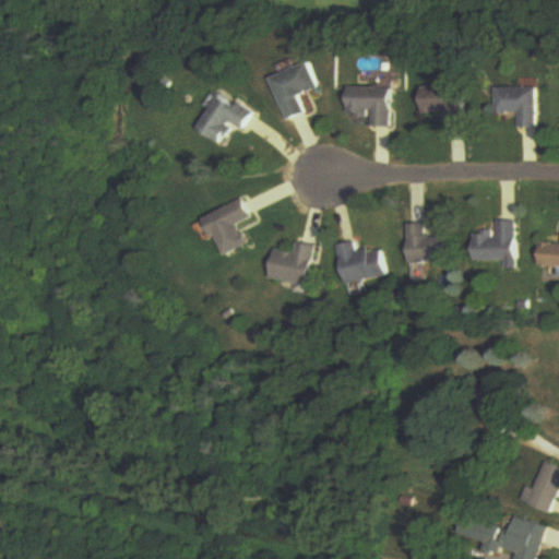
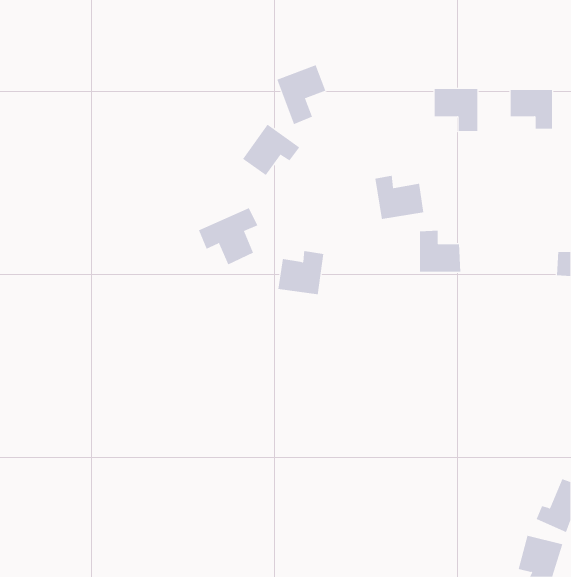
building: [344,86,386,126] -> none
building: [194,93,250,143] -> [242,124,300,176]
building: [471,219,513,269] -> none
building: [334,240,382,283] -> [374,175,424,219]

